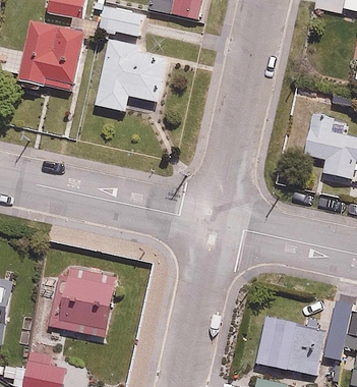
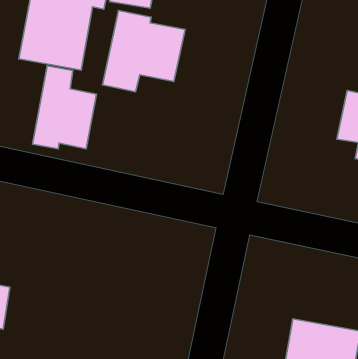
building: none -> [32,66,96,149]
building: [51,262,120,327] -> none

